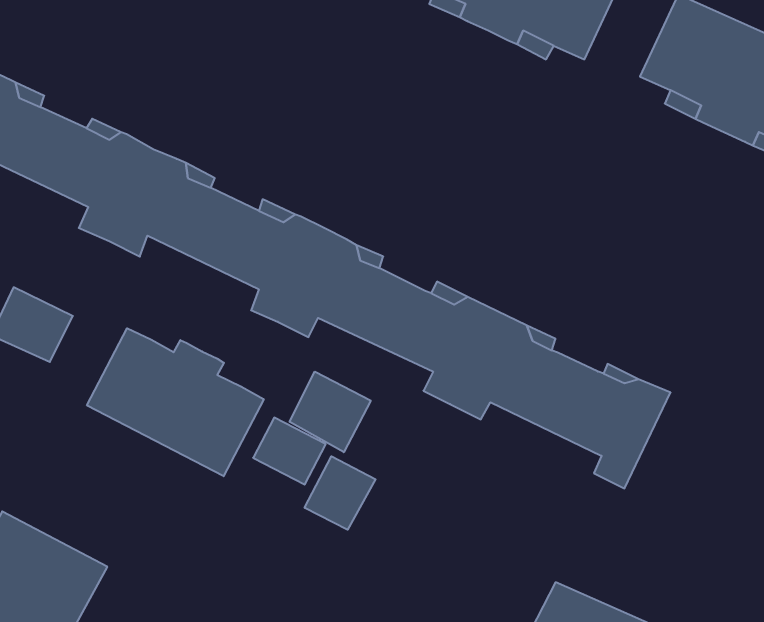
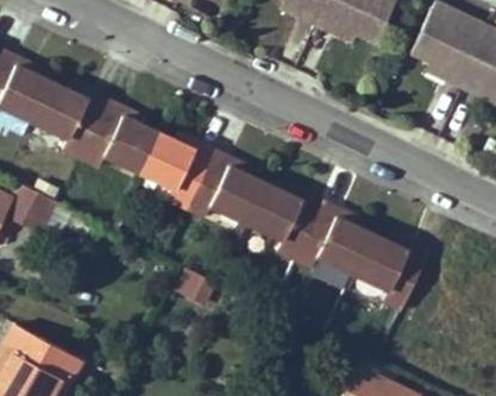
building: [87,328,264,476] -> none
building: [290,372,371,452] -> none
building: [305,456,376,530] -> none

